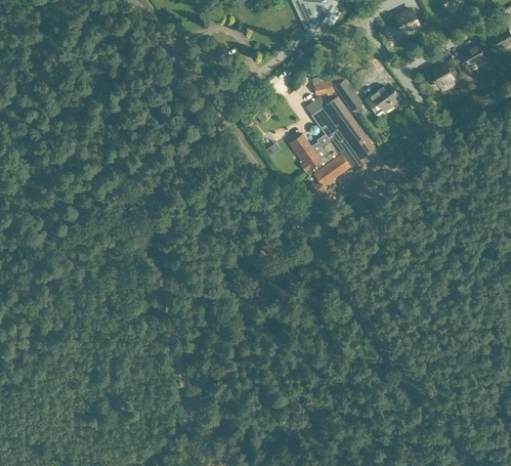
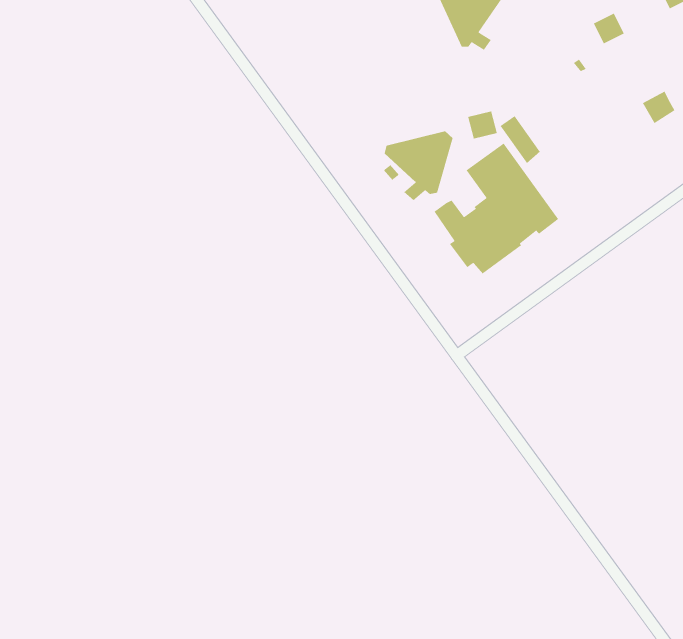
building: [366,86,401,114] -> none
building: none -> [384,130,453,201]

